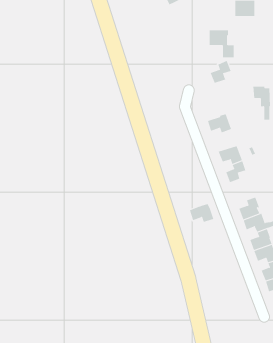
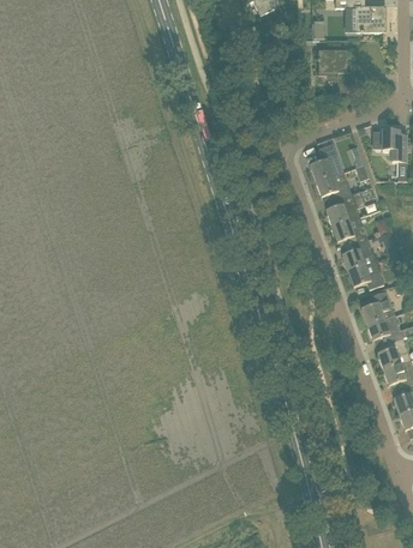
building: [210,60,231,83] -> [310,146,341,180]
building: none -> [327,189,364,224]
building: [189,203,214,222] -> [348,260,384,288]

